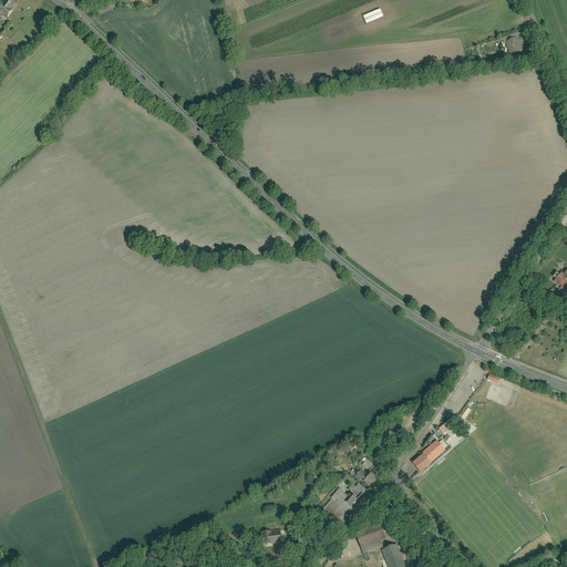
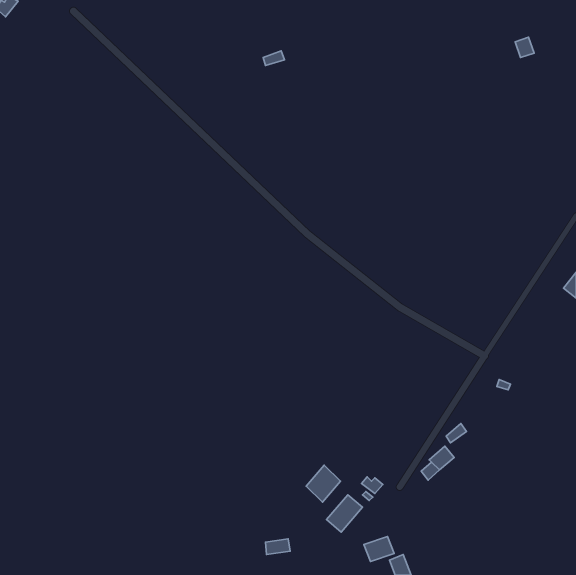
building: none -> [306,465,341,502]

